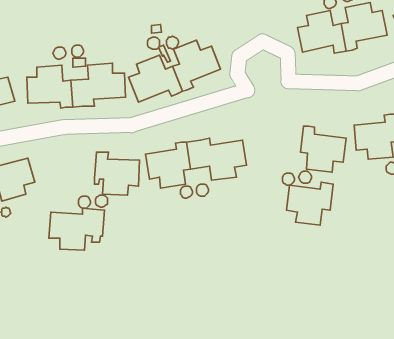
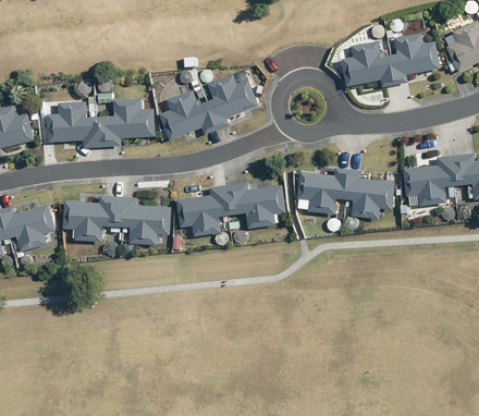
building: [286,182,333,225] -> [297,166,348,212]
building: [49,208,105,250] -> [62,194,123,240]

